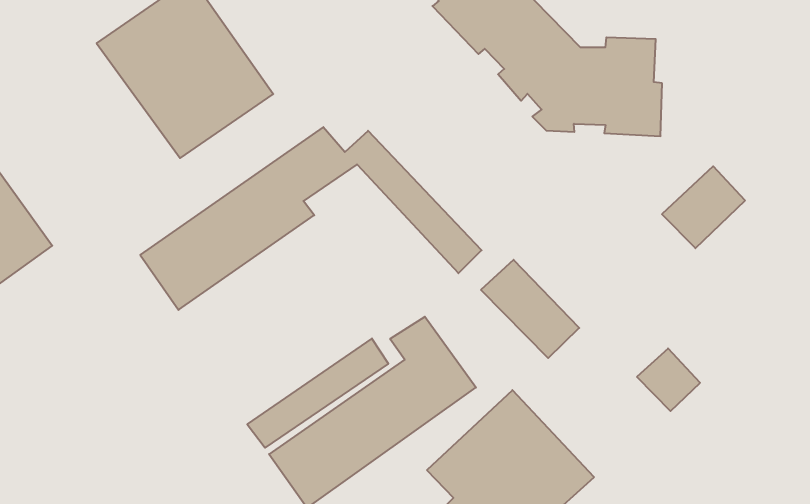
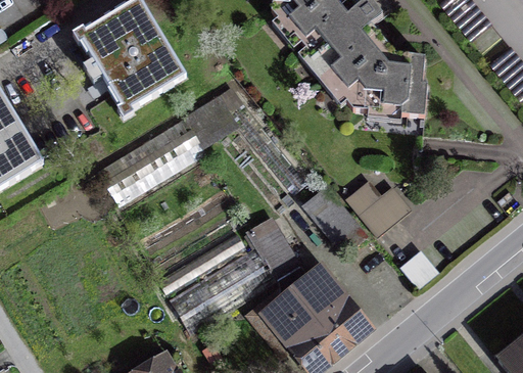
building: [662,166,745,248] -> [359,184,411,234]

